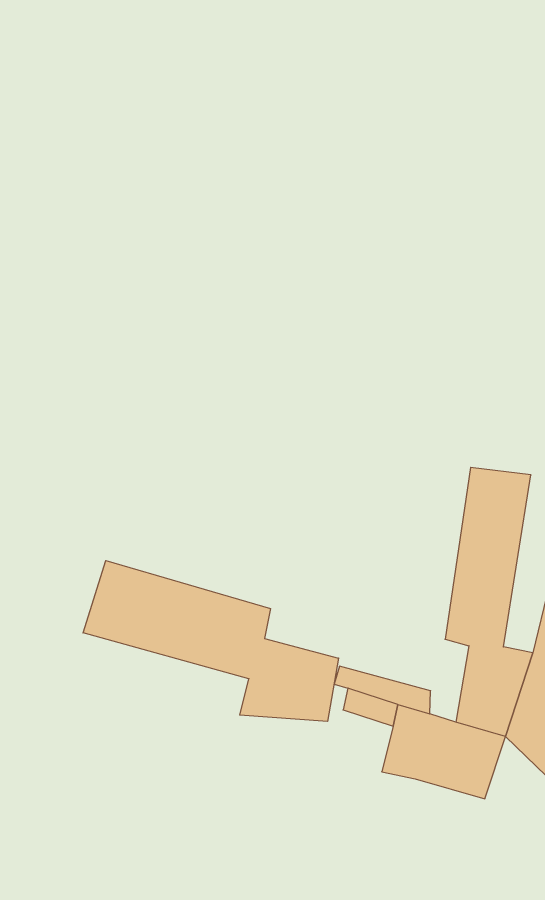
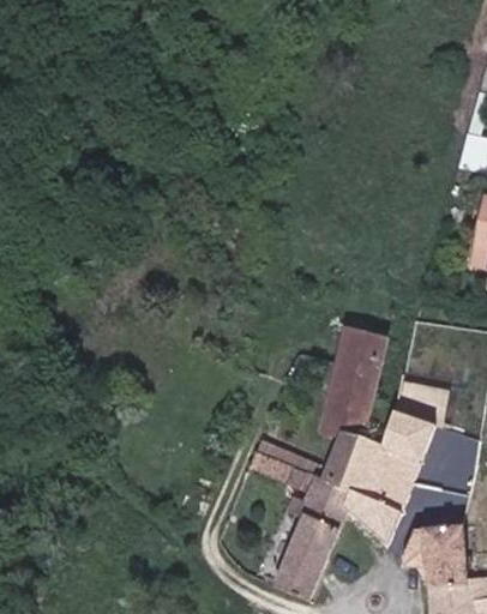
building: [83,561,339,721] -> none
building: none -> [271,522,335,596]

